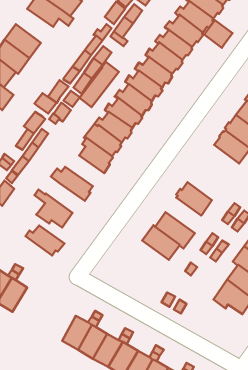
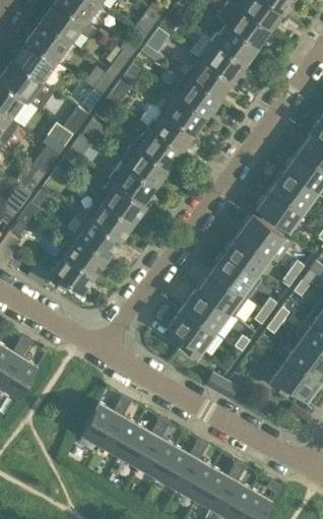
building: none -> [22,18,68,61]
building: [204,20,233,48] -> none
building: [79,62,119,107] -> none
building: none -> [257,189,303,232]
building: none -> [84,202,133,241]
building: none -> [238,216,282,258]
building: none -> [210,255,261,300]
building: [26,226,64,256] -> [60,237,109,274]
building: none -> [167,309,214,358]

